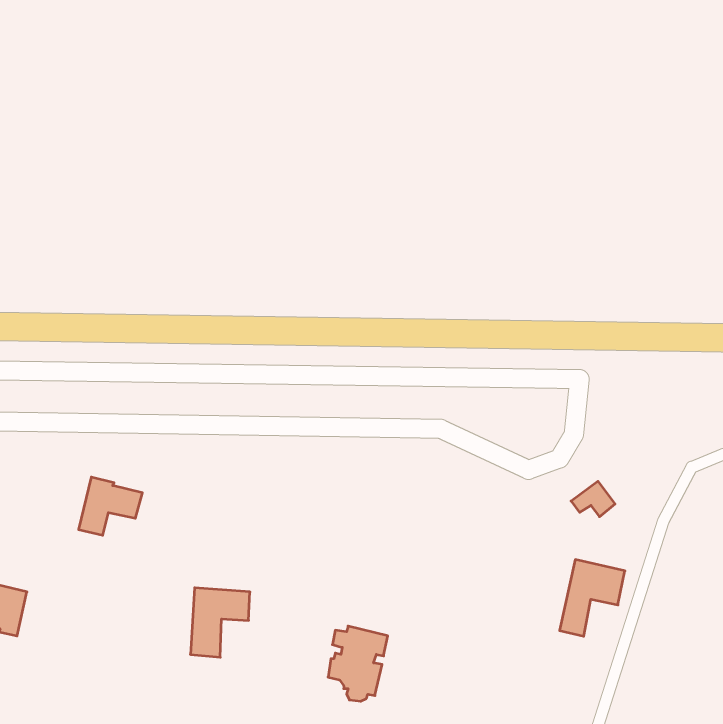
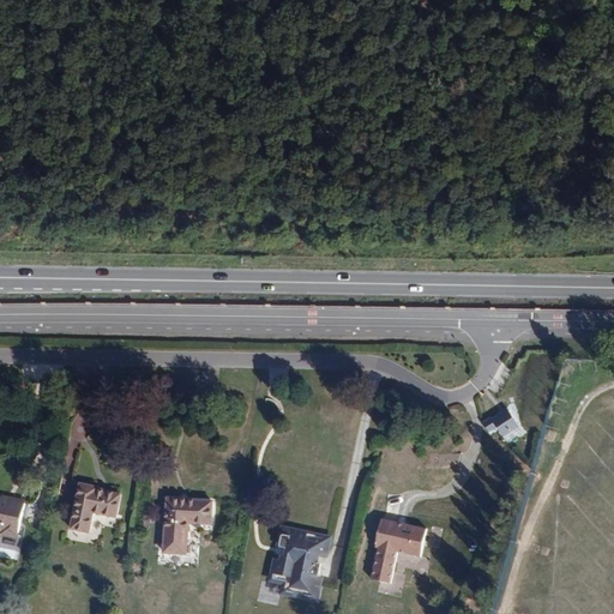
building: [79,477,142,535] -> [68,480,122,529]
building: [560,560,625,636] -> [369,519,425,584]

